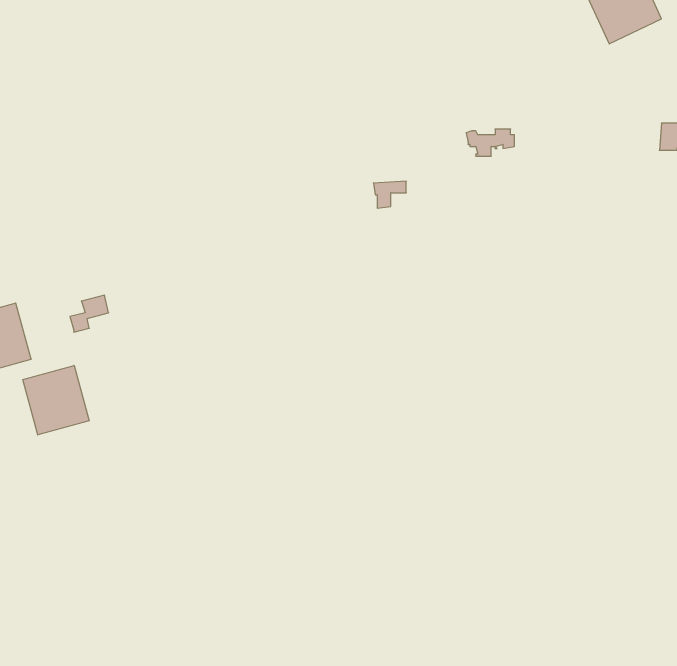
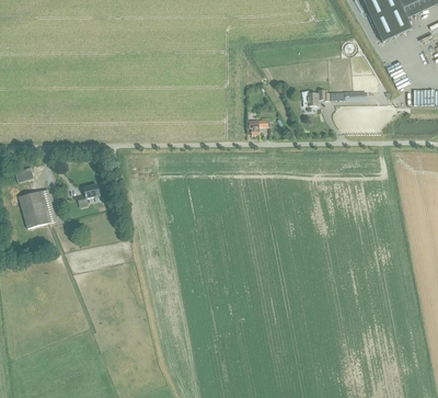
building: [23,365,89,435] -> none

